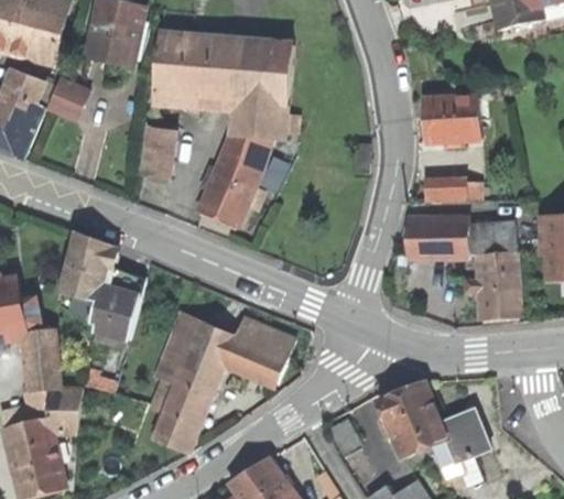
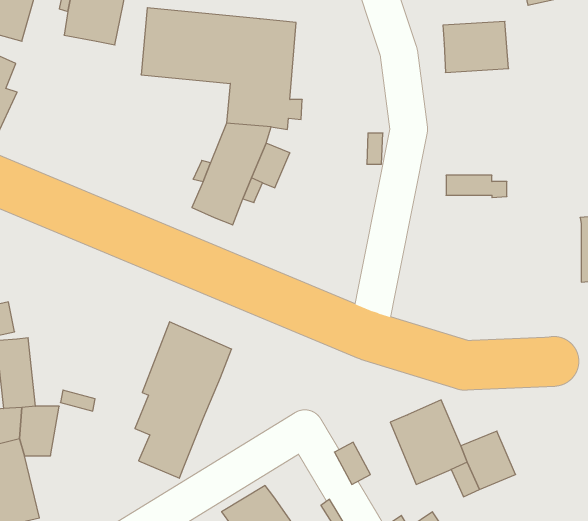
building: [45,78,88,120] -> none
building: [423,97,481,142] -> [443,21,509,72]
building: [138,122,174,177] -> none
building: [408,217,520,319] -> none
building: [56,231,144,339] -> none
building: [225,316,293,382] -> none

